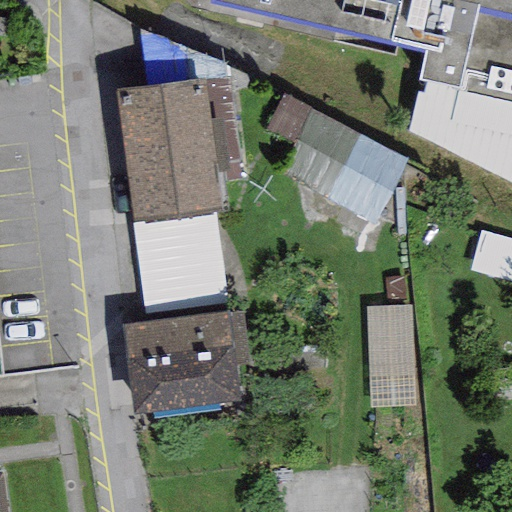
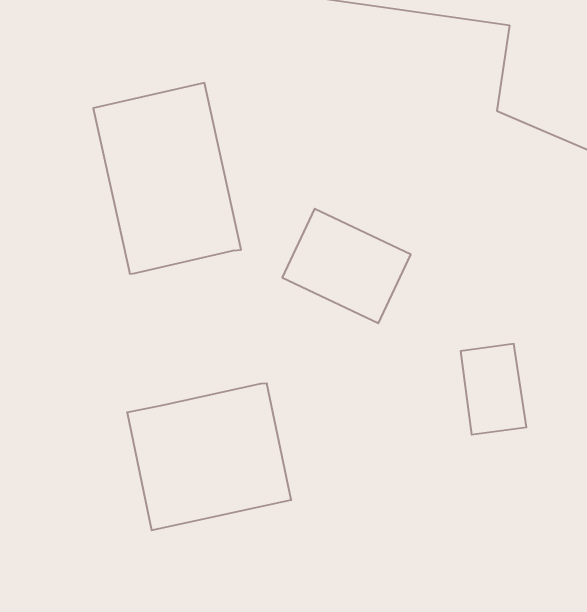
building: [296,121,395,212] -> [282,209,411,323]
building: [138,205,226,318] -> none

